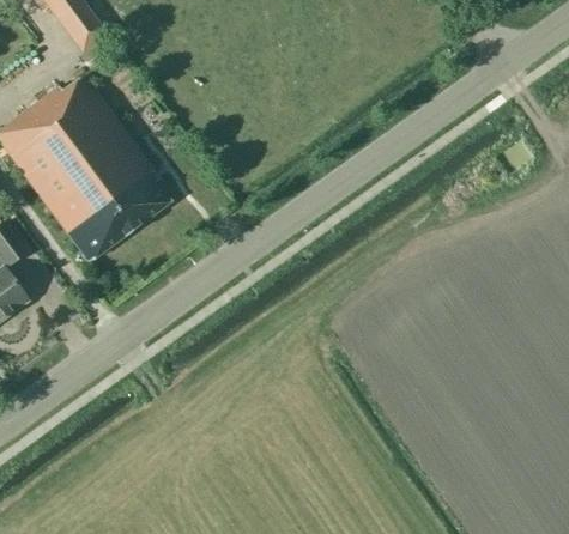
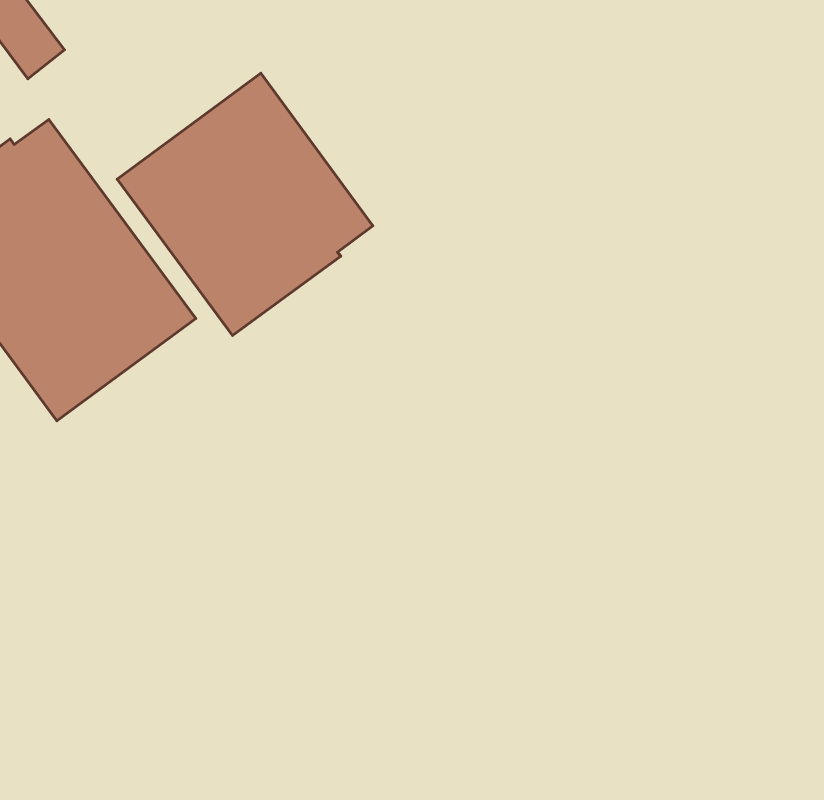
building: none -> [117,73,373,336]

